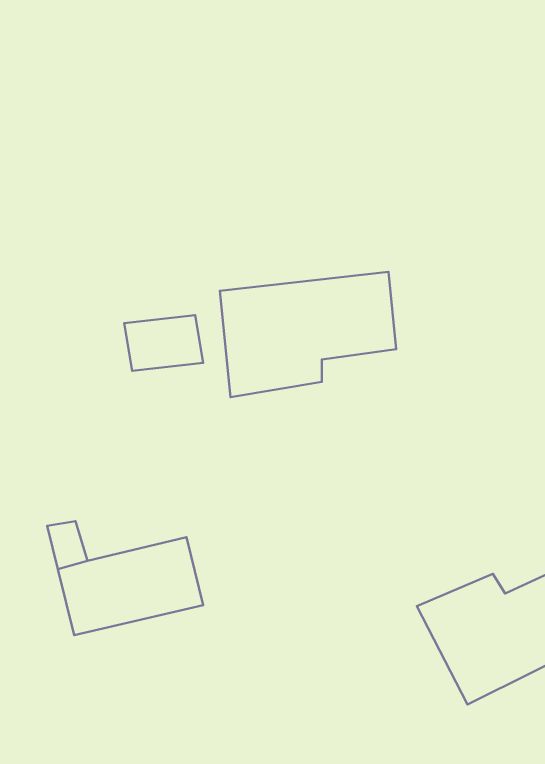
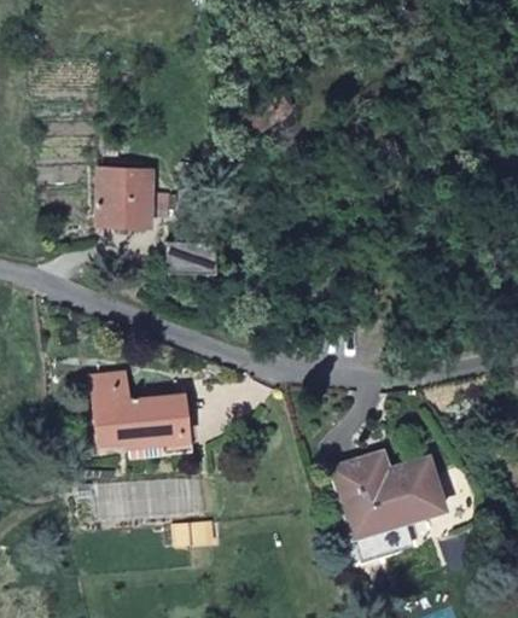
building: none -> [98,170,168,228]
building: [220,272,396,397] -> none

